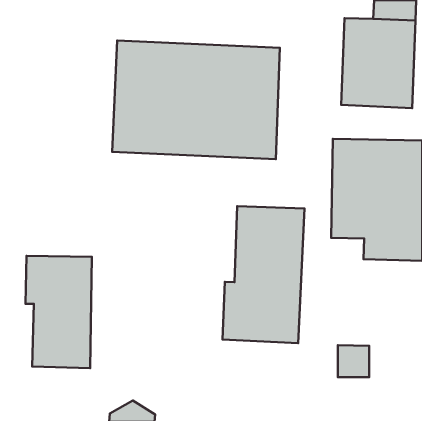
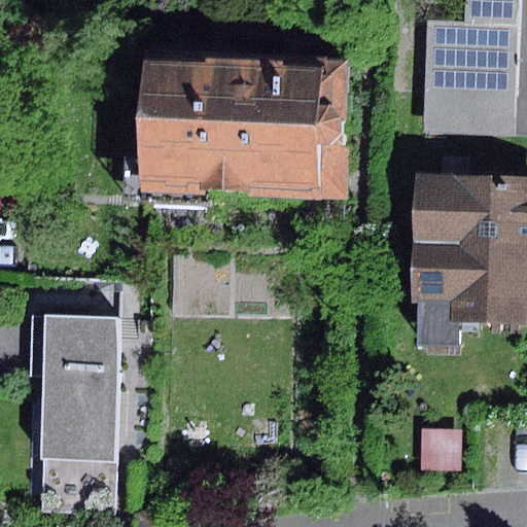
building: [222,206,304,343] -> none
building: none -> [39,458,112,516]

